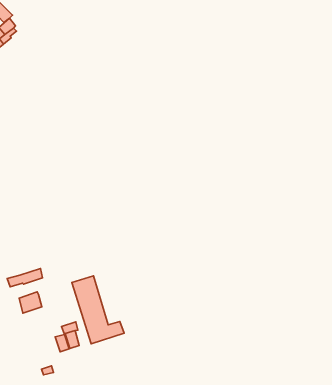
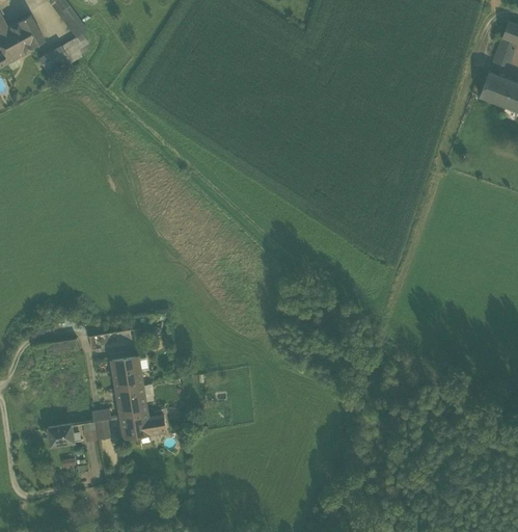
building: [19,292,42,313] -> [48,424,74,447]

